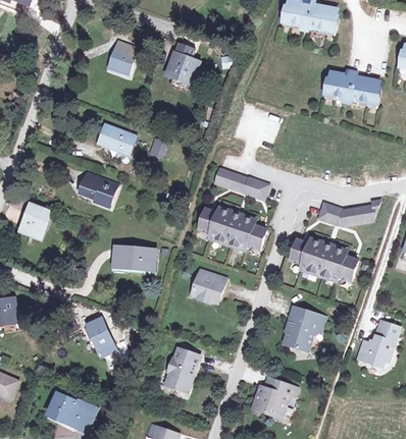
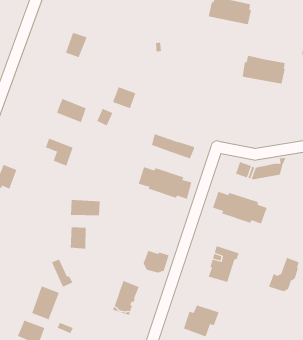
building: [167,54,197,81] -> [112,87,136,109]
building: [194,272,226,300] -> [143,250,169,273]
building: none -> [70,226,86,249]
building: none -> [31,285,60,320]

